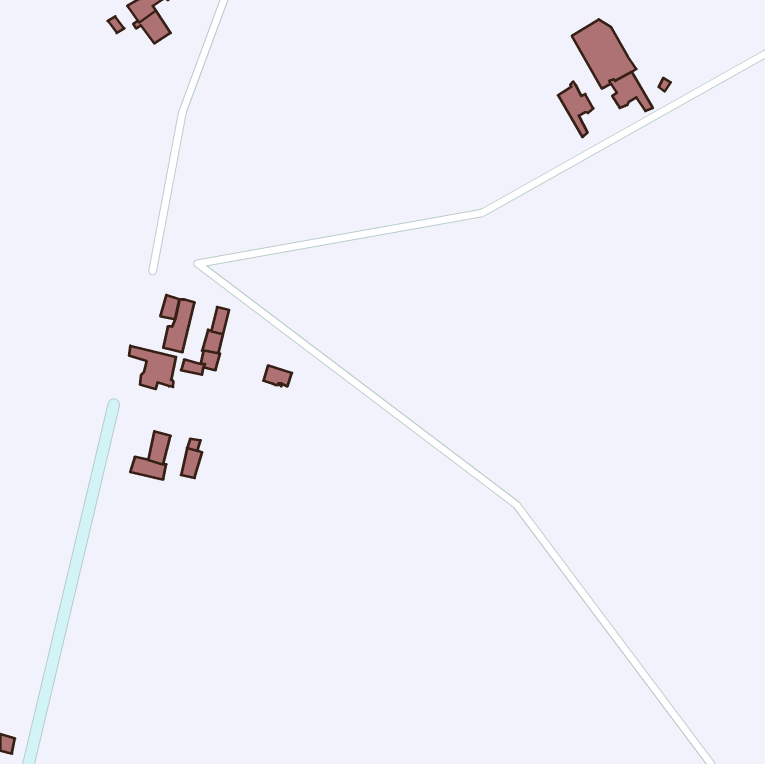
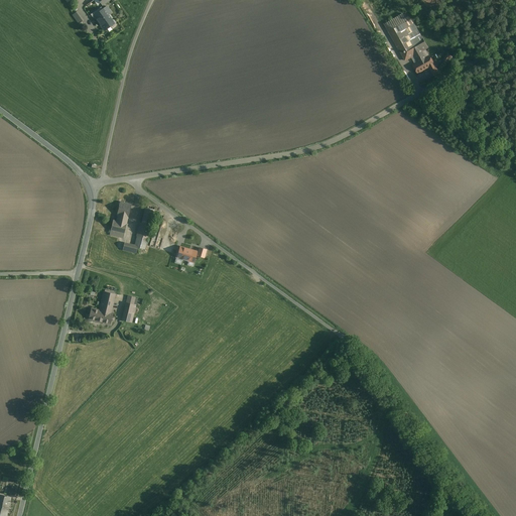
building: [558,82,593,137] -> none
building: [129,346,176,389] -> none

